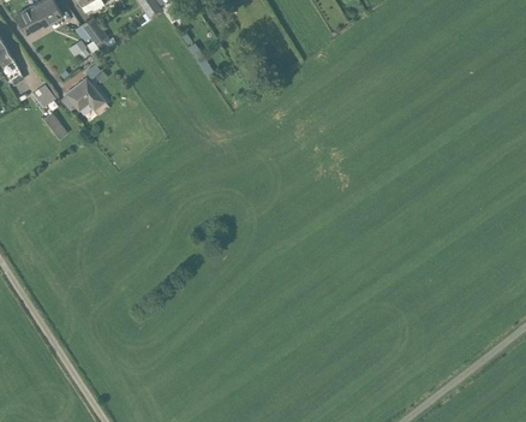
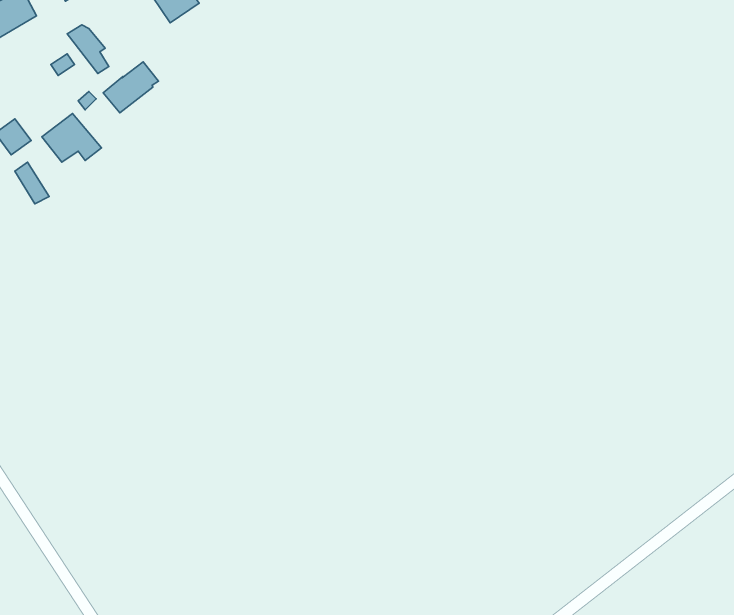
building: none -> [103,62,158,113]

